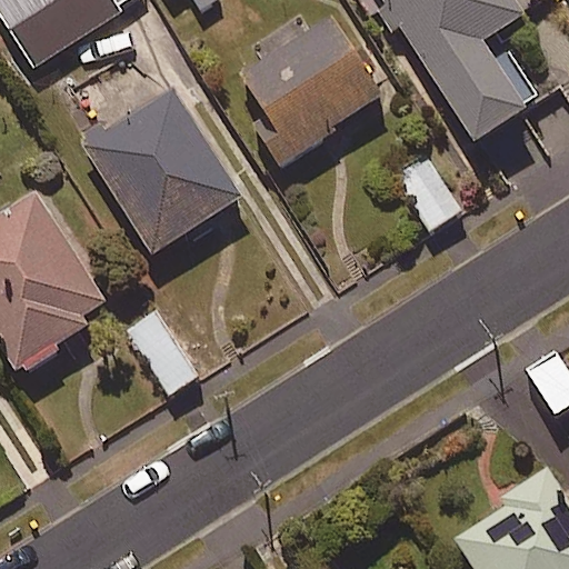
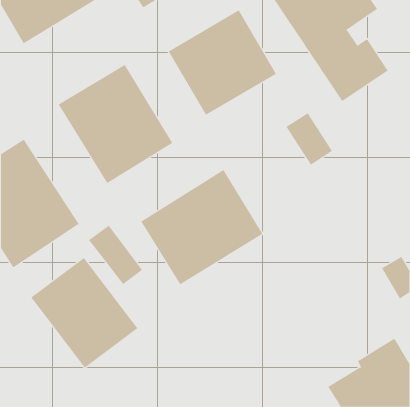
building: none -> [141,169,263,285]
building: none -> [31,257,138,369]

